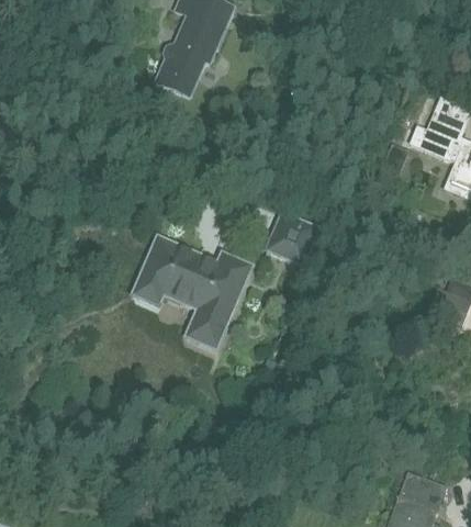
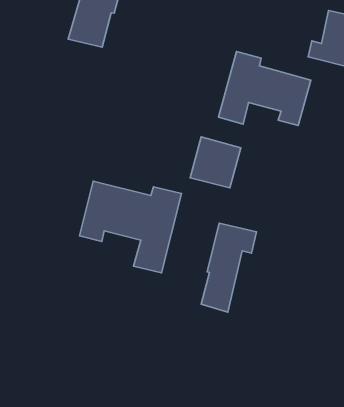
building: none -> [218,51,311,126]
building: none -> [201,223,256,312]

